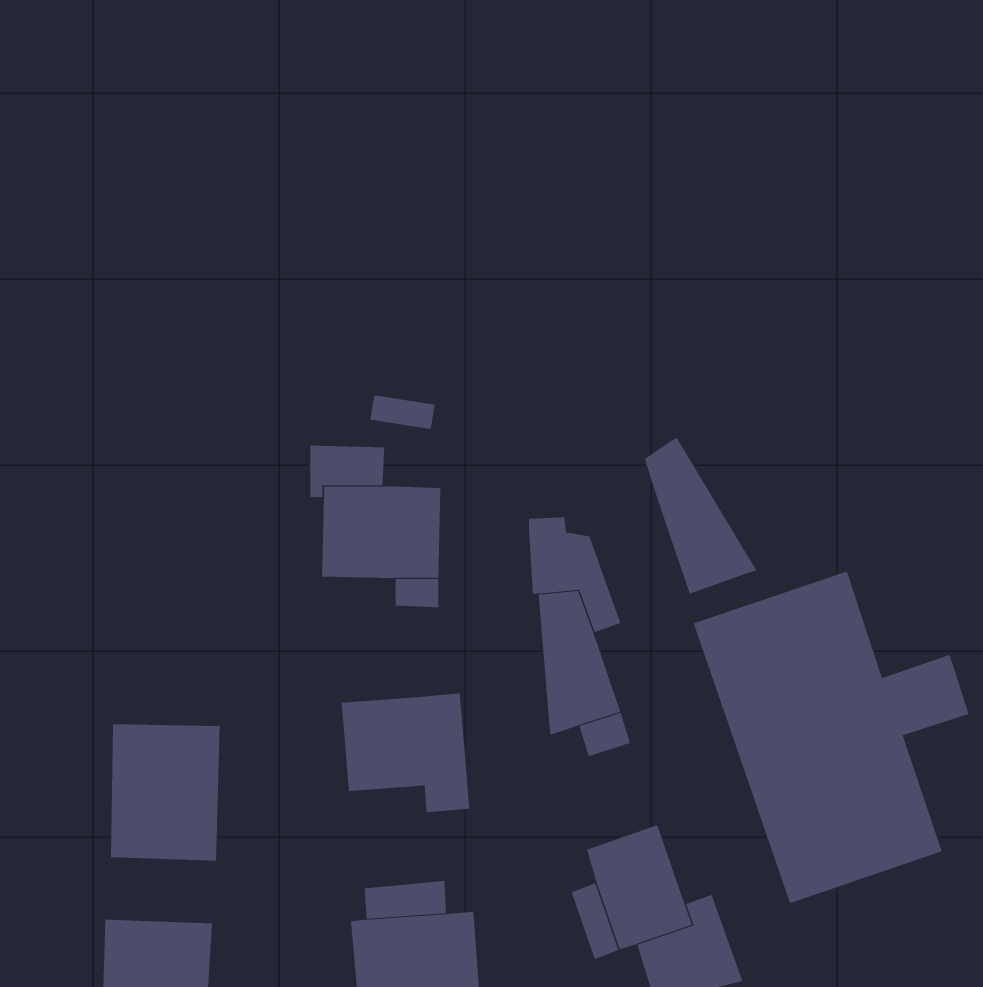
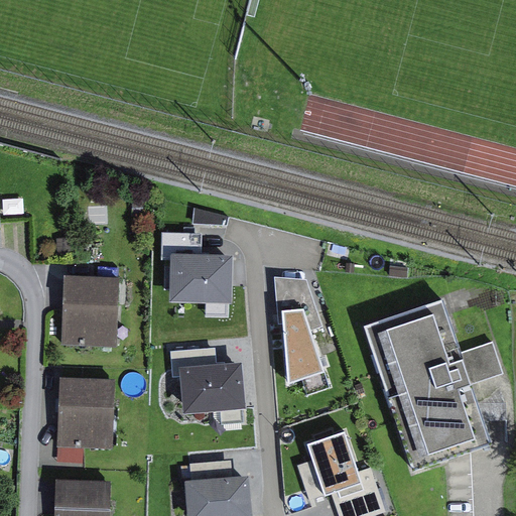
building: [644,437,757,595] -> none
building: none -> [61,276,118,347]
building: none -> [171,348,218,377]

